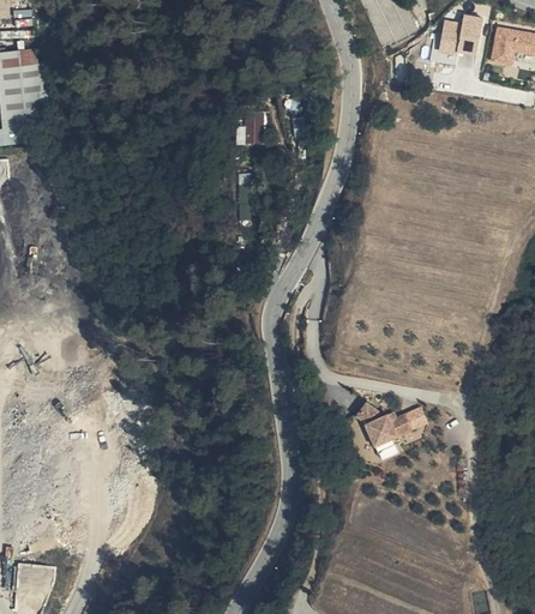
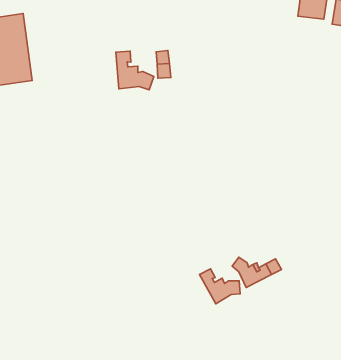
building: none -> [116,51,154,90]
building: none -> [199,269,240,304]

